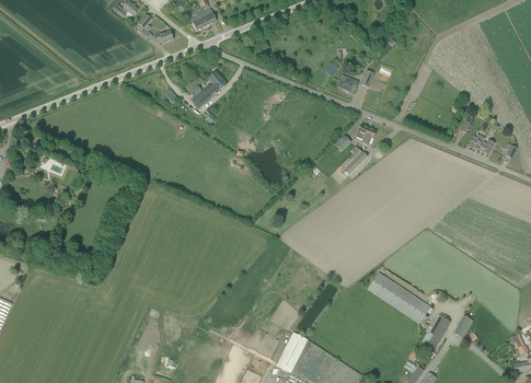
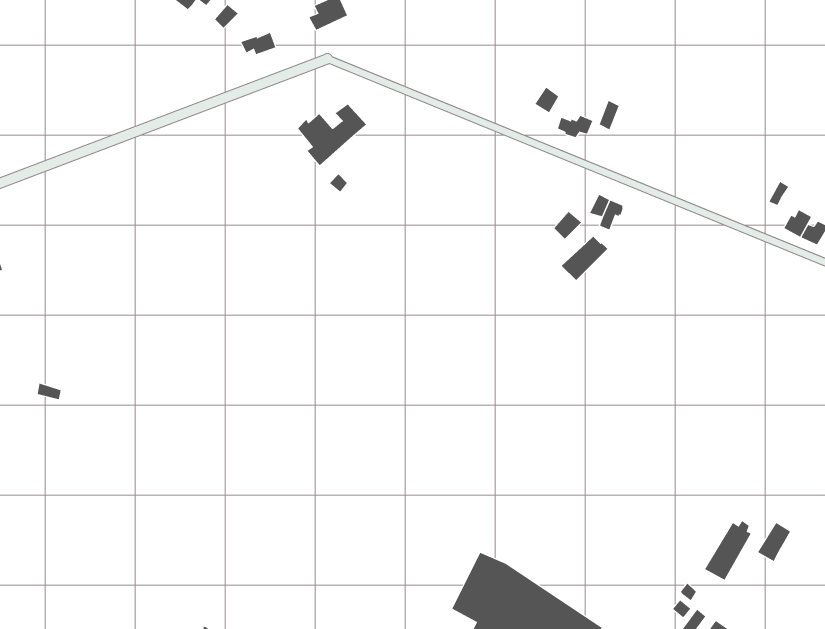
building: [367,271,430,323] -> none

